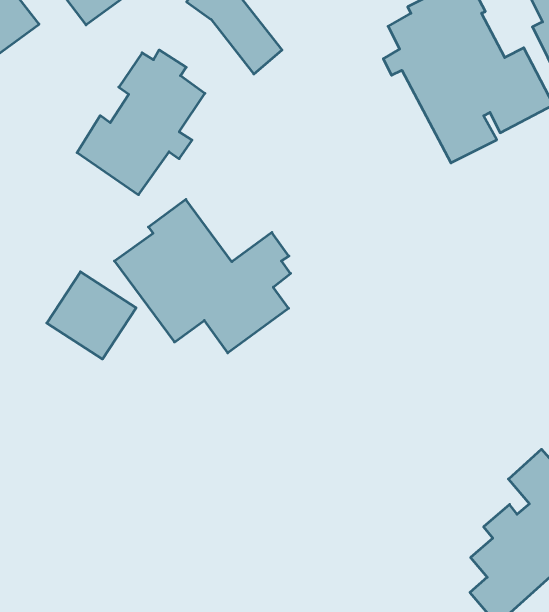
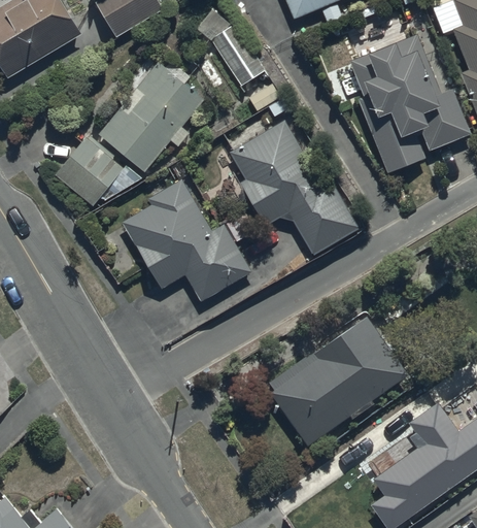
building: none -> [230,121,360,256]
building: [47,272,136,359] -> [54,138,124,207]
building: none -> [269,314,408,444]

